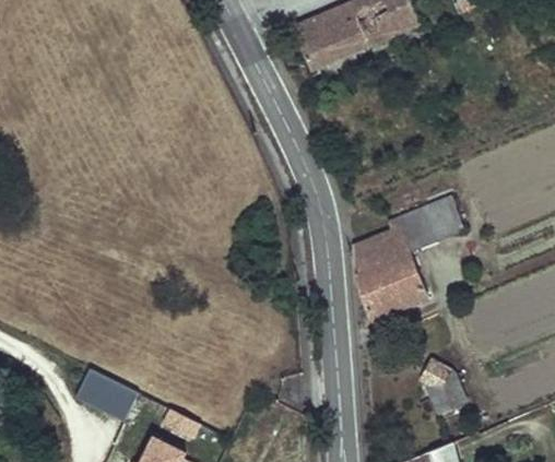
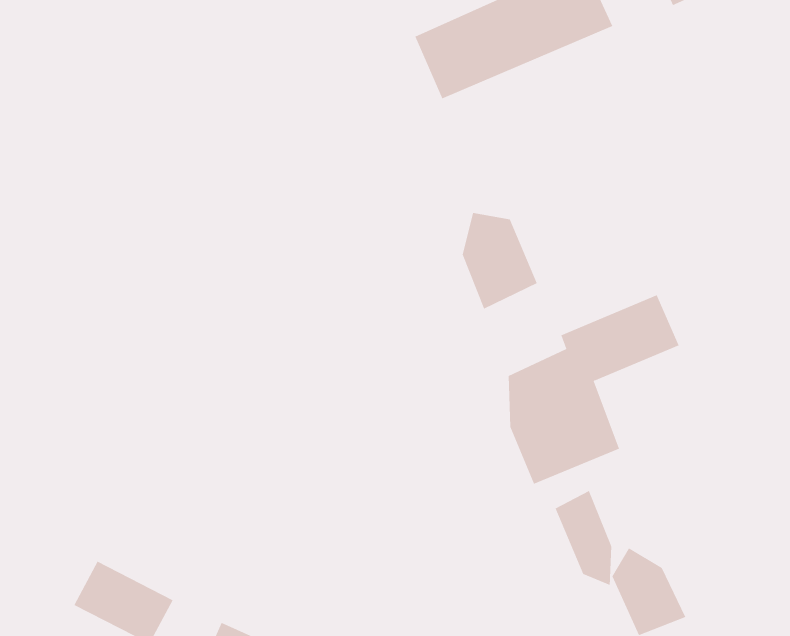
building: none -> [462,212,538,309]
building: none -> [555,490,612,586]

